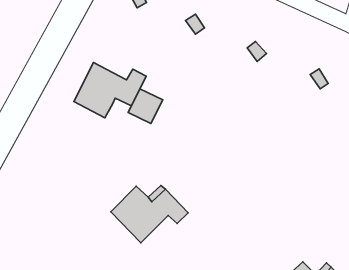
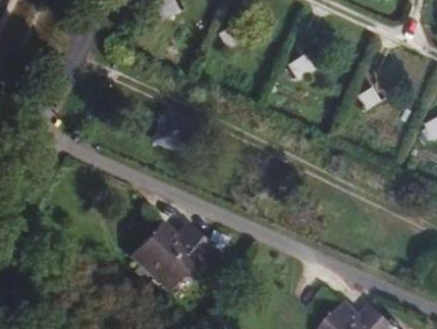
building: [74,63,146,118] -> none

